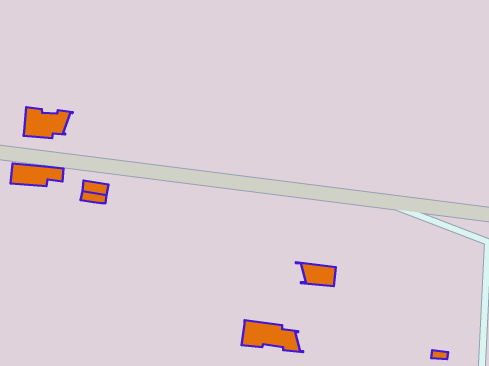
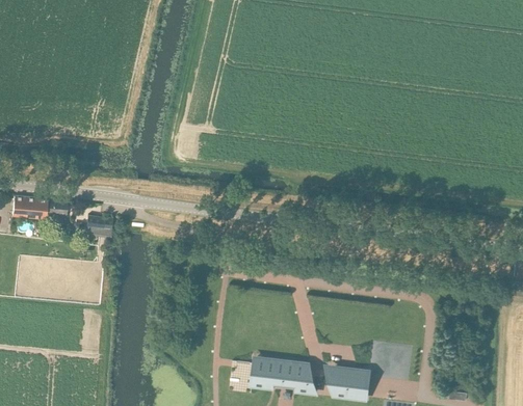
building: [23,107,73,138] -> none
building: [296,262,336,286] -> [326,369,368,394]

